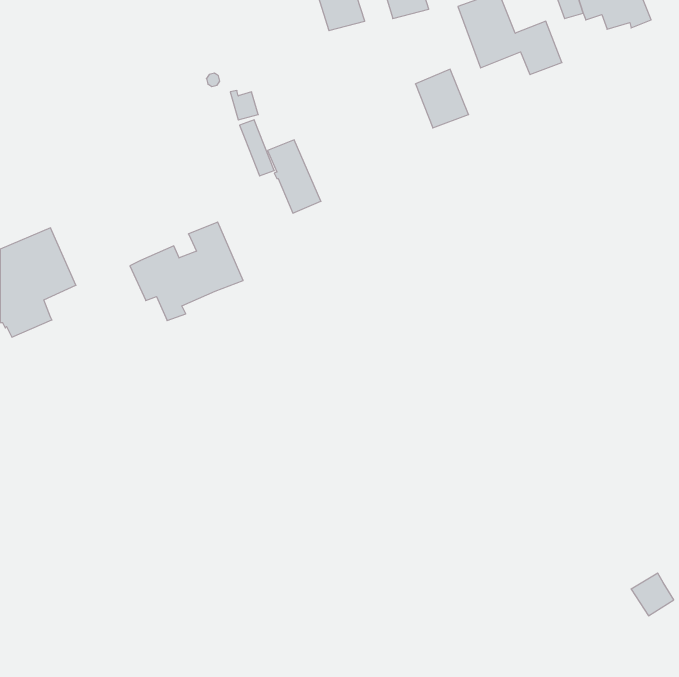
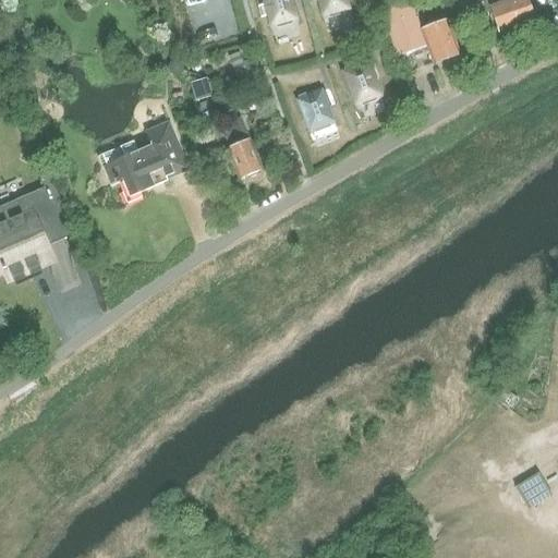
building: none -> [296,86,336,131]
building: [130,222,243,321] -> [98,119,191,199]

